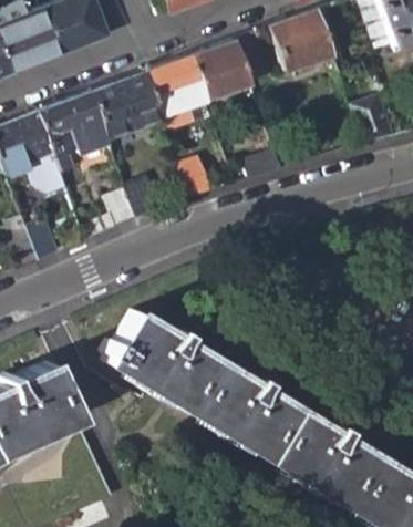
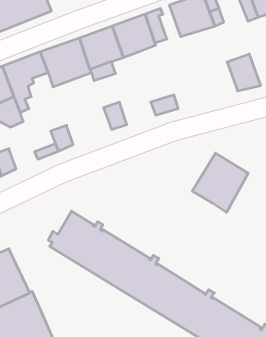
building: none -> [192,153,248,212]

